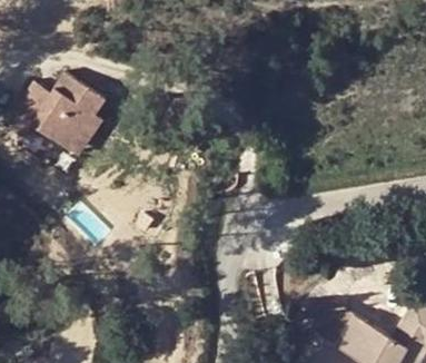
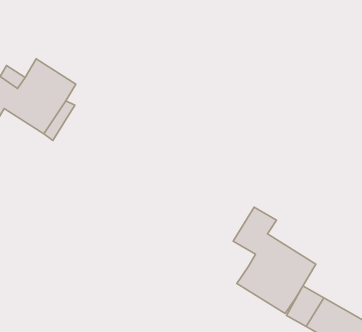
building: none -> [233,207,316,314]

